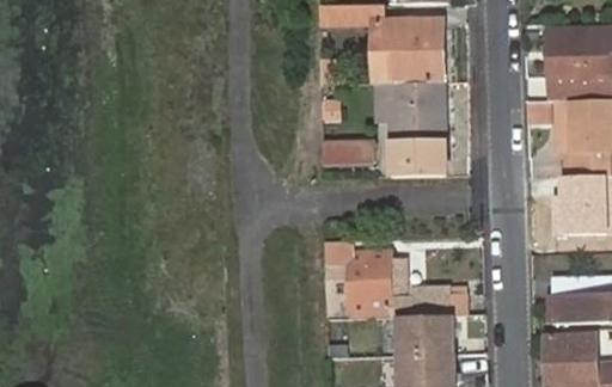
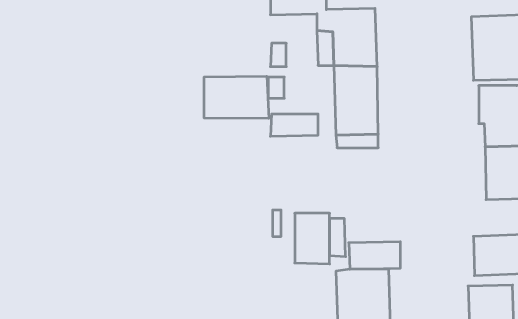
building: none -> [204,76,269,118]

